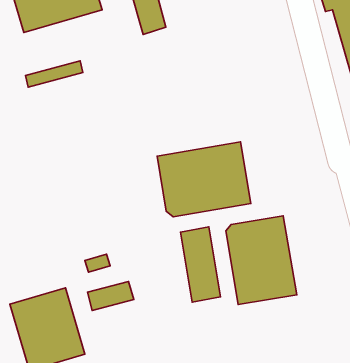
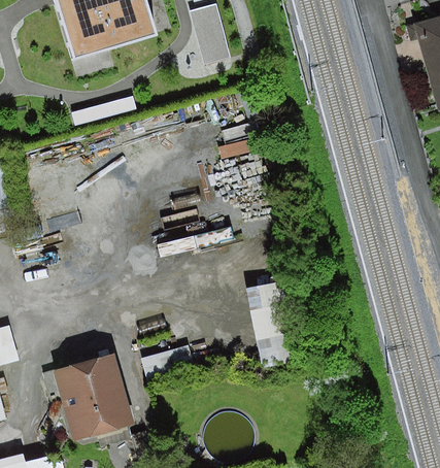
building: [157,142,251,217] -> none
building: [226,216,297,305] -> none

